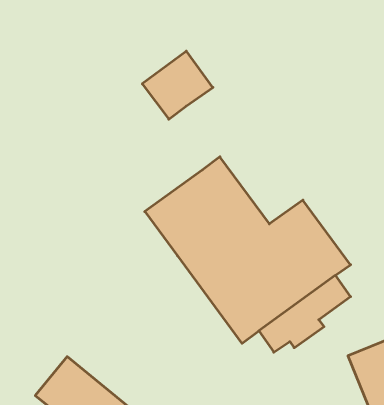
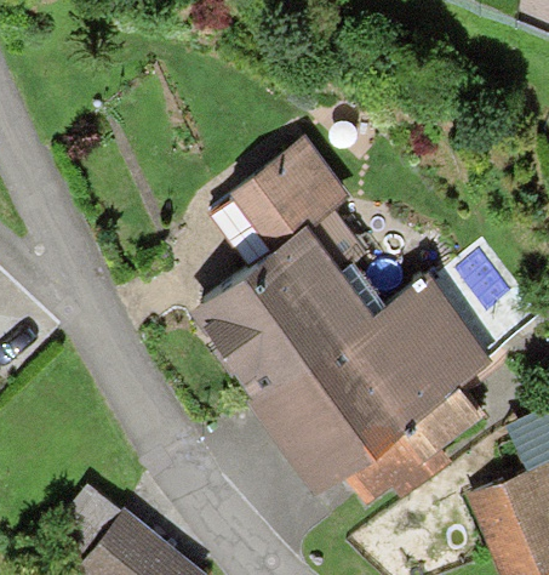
building: [142,51,213,119] -> [242,146,339,239]

